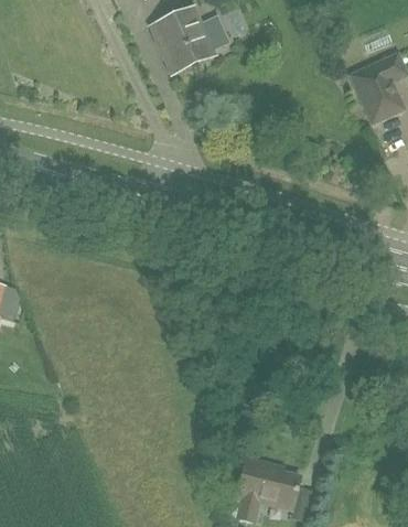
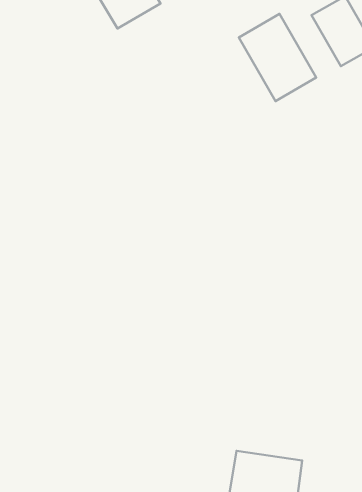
building: none -> [239,14,316,101]

